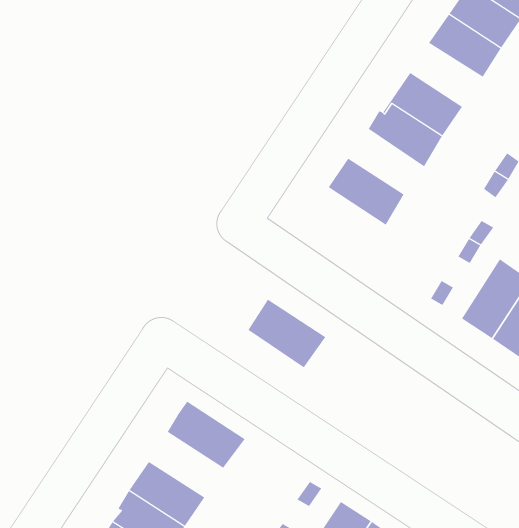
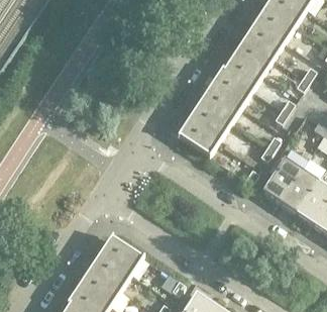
building: none -> [234,36,275,72]
building: none -> [200,84,242,120]
building: [248,299,326,368] -> [178,116,221,154]
building: none -> [90,251,131,288]

